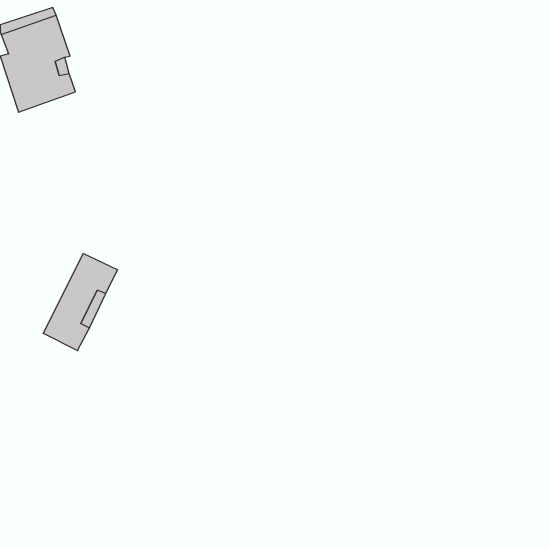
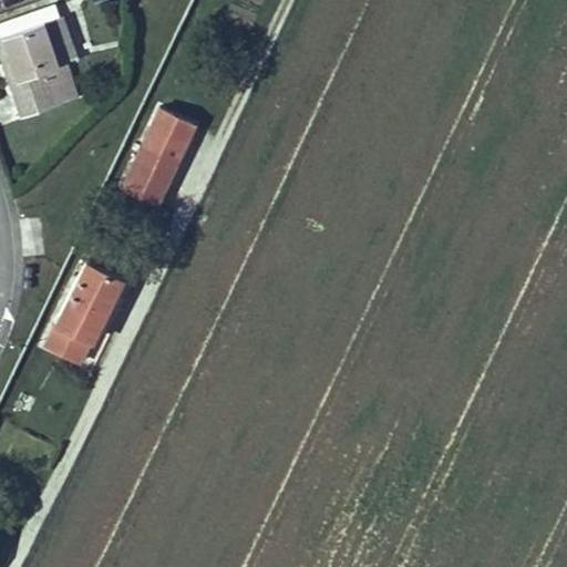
building: none -> [123,110,195,205]

